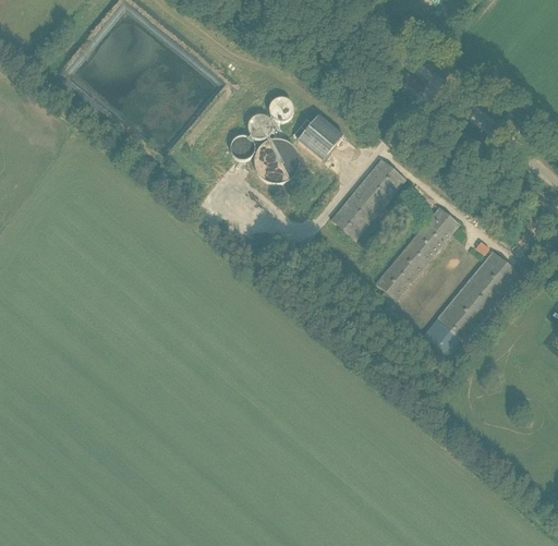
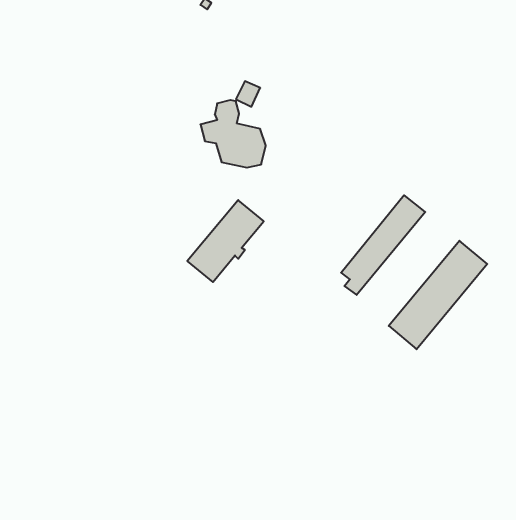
building: [295,114,342,160] -> none
building: [329,158,404,239] -> [187,200,264,282]

